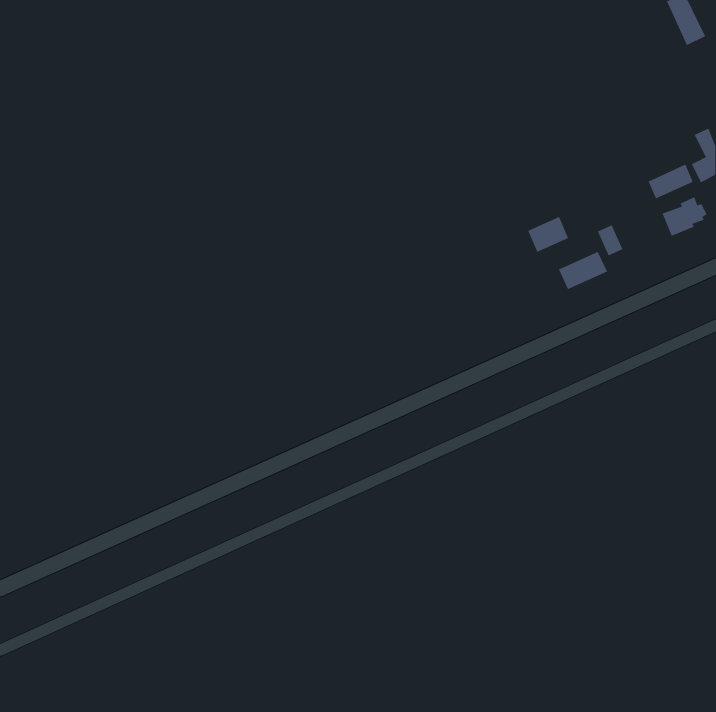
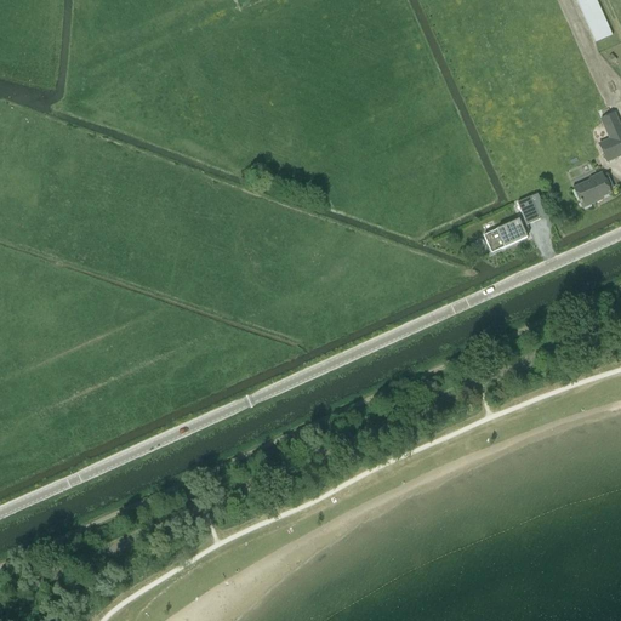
building: [647,164,694,200] -> none
building: [527,216,569,253] -> none

